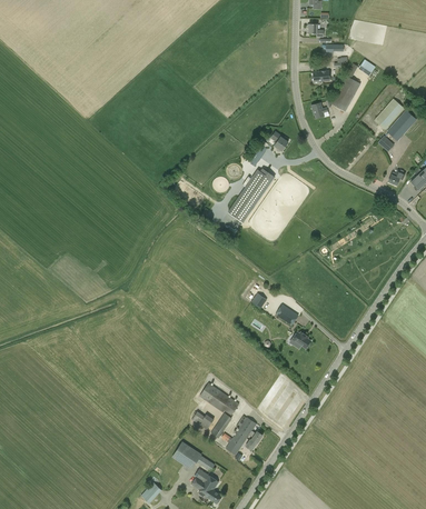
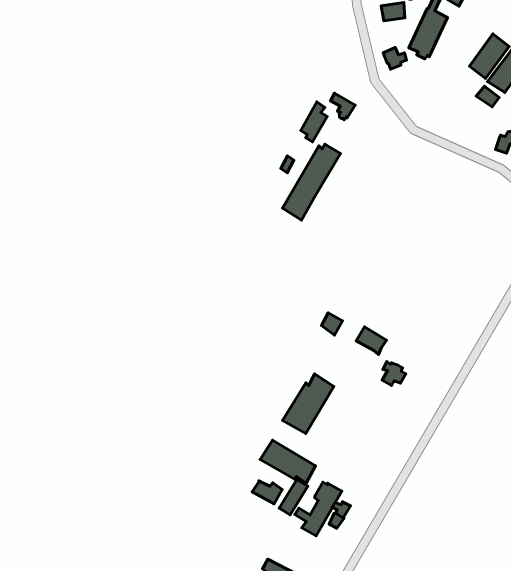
building: none -> [283,374,334,434]
building: [171,441,215,471] -> none

